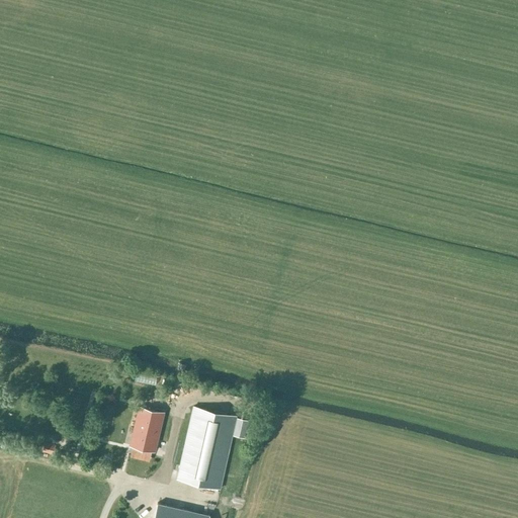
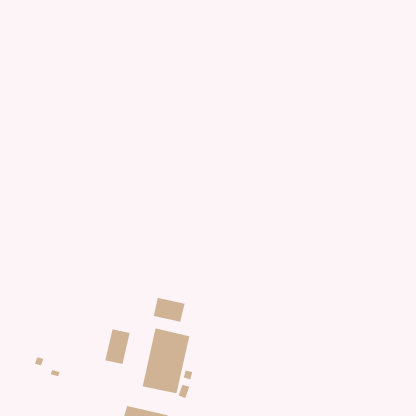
building: none -> [153,297,185,322]

